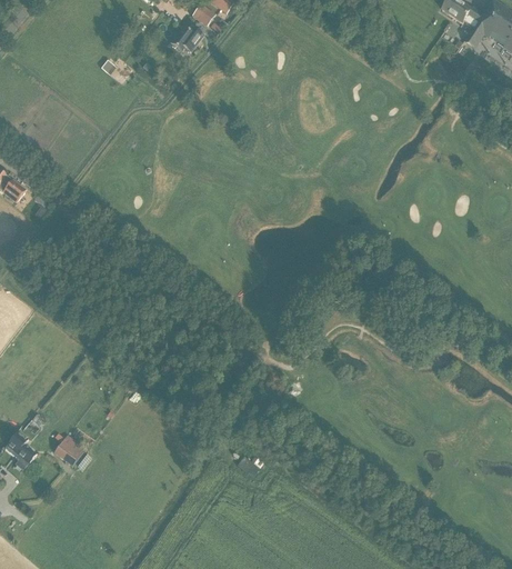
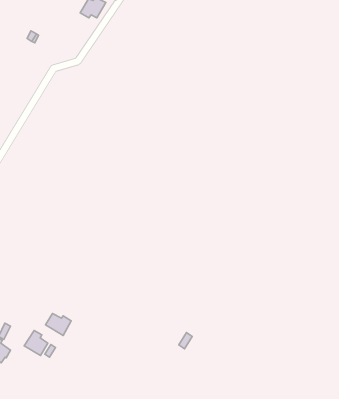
building: none -> [46,313,71,335]

